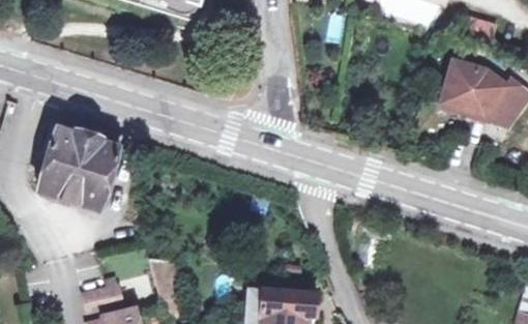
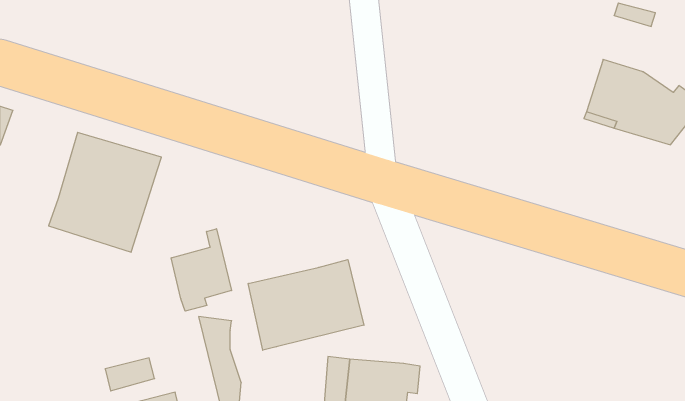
building: none -> [171,229,232,311]
building: none -> [248,260,364,350]

